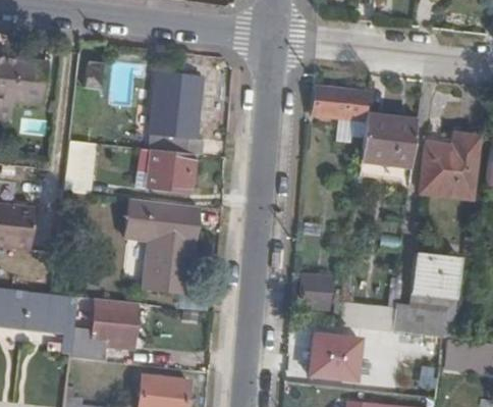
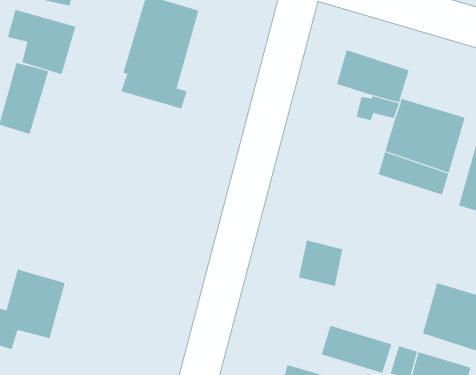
building: [142,149,193,193] -> [7,9,76,75]
building: [123,199,197,294] -> none
building: [306,275,336,307] -> [298,240,343,287]

